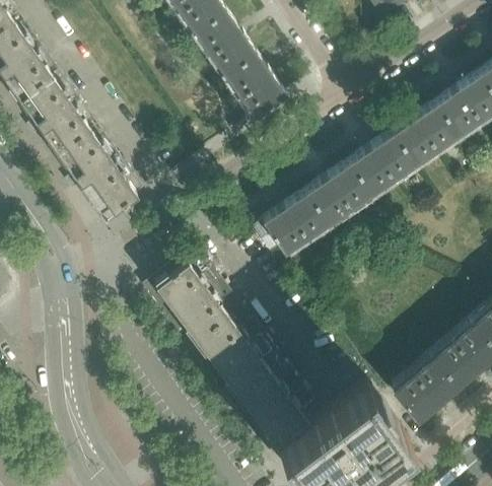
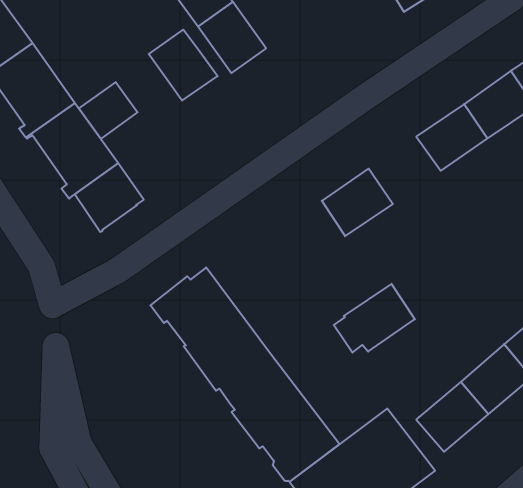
building: [224,56,287,121] -> [149,30,218,101]
building: none -> [79,82,138,139]
building: [349,136,415,198] -> none
building: [254,195,328,258] -> [334,284,415,353]

